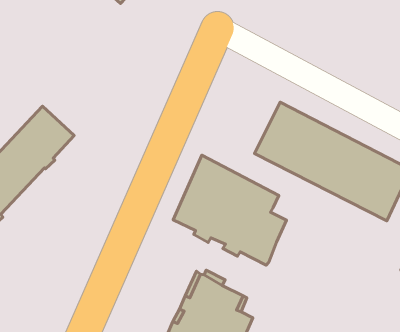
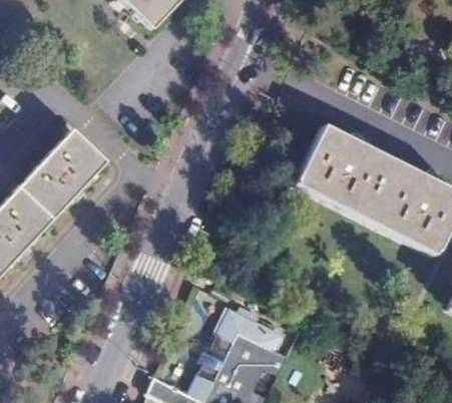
building: [173,155,287,265] -> none

